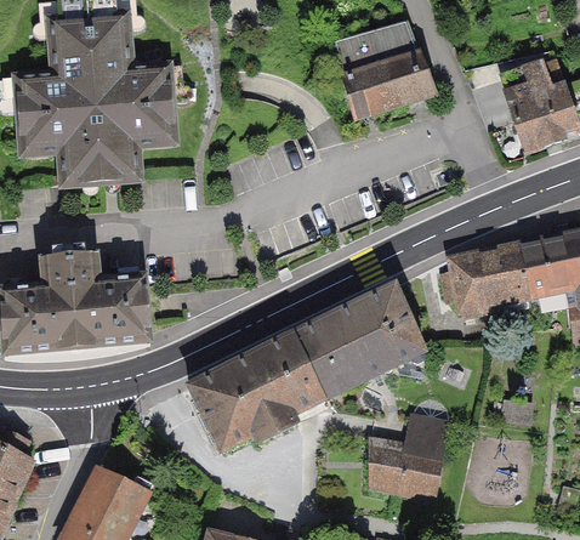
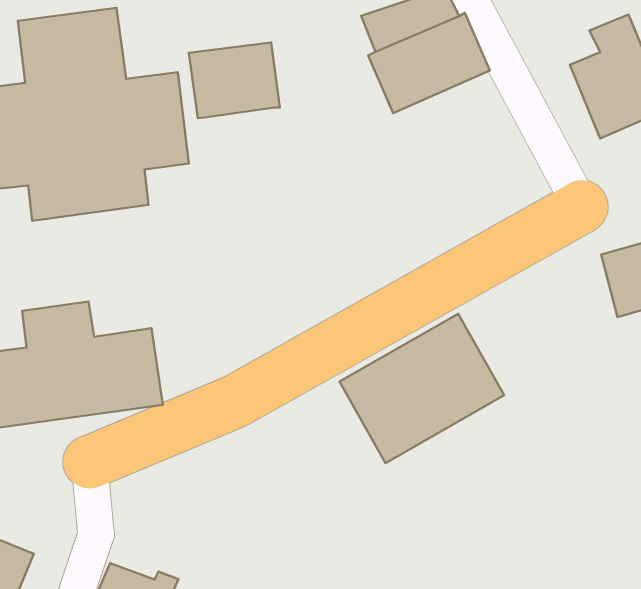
building: none -> [189,42,280,118]
building: [447,244,525,317] -> none
building: [184,332,326,454] -> none
building: [365,413,453,501] -> none

